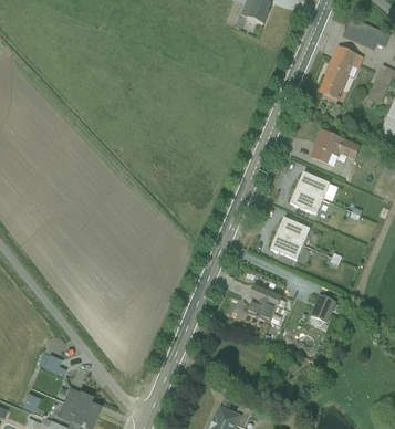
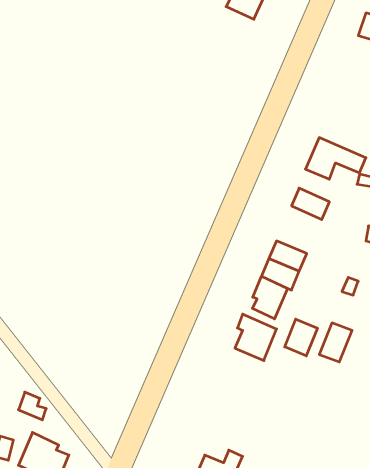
building: [318,45,358,100] -> none
building: [288,188,321,216] -> none
building: none -> [252,276,288,319]
building: none -> [285,319,317,356]

